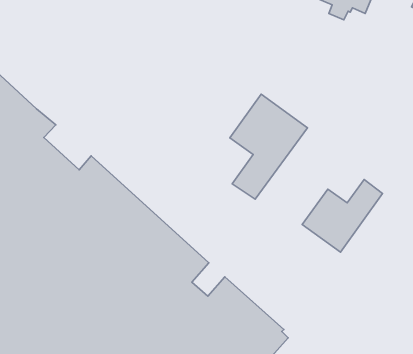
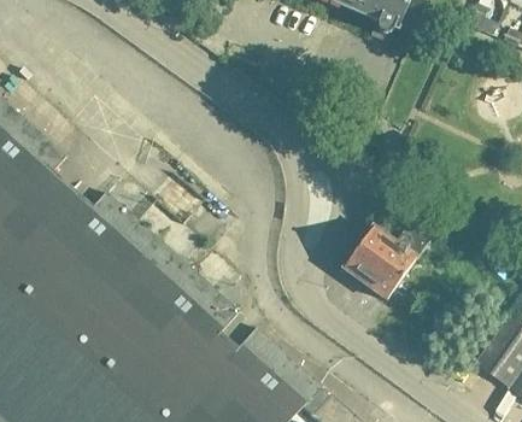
building: [230,94,308,199] -> none

